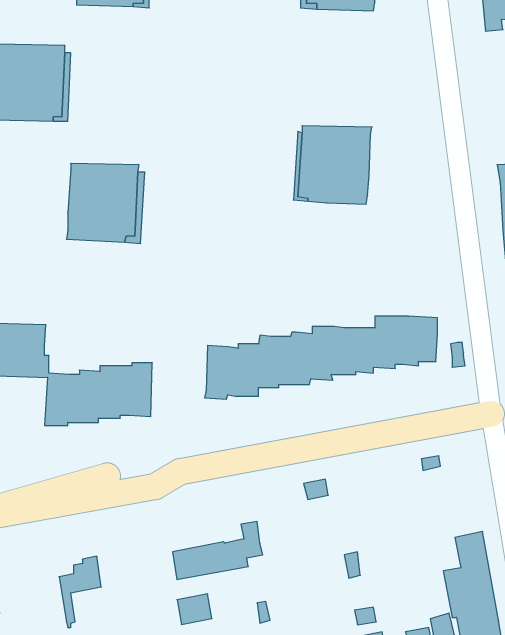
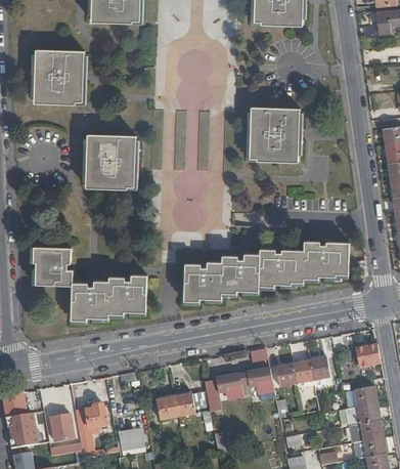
building: none -> [356,345,383,369]
building: none -> [278,360,331,389]
building: none -> [247,371,274,397]
building: none -> [216,375,243,403]
building: none -> [53,416,76,442]
building: [177,594,212,624] -> [121,430,145,452]

